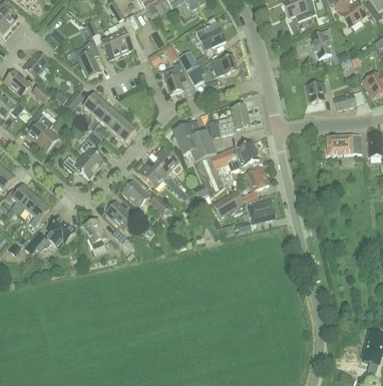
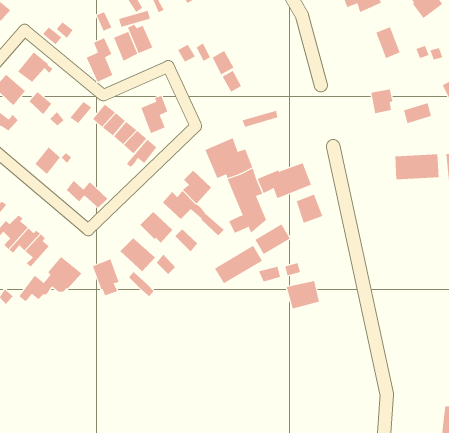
building: [196,20,226,45] -> none
building: [210,54,237,75] -> none
building: [162,61,184,92] -> [141,95,168,134]
building: [210,105,250,136] -> none
building: [27,109,53,141] -> none
building: [80,131,104,169] -> none
building: [248,200,275,223] -> [286,281,320,309]
building: none -> [214,245,263,284]

